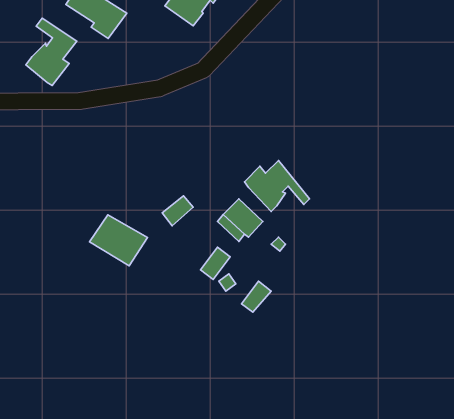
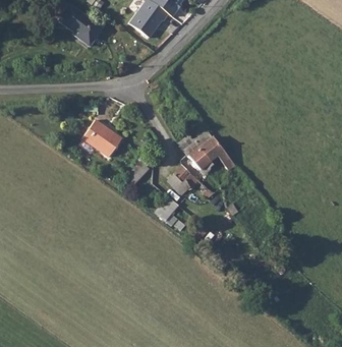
building: [26,18,77,86] -> none
building: [89,215,147,266] -> [82,120,124,157]

